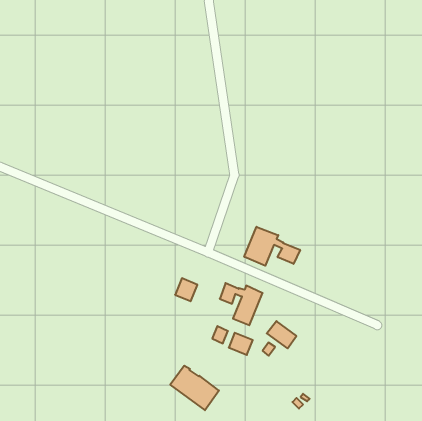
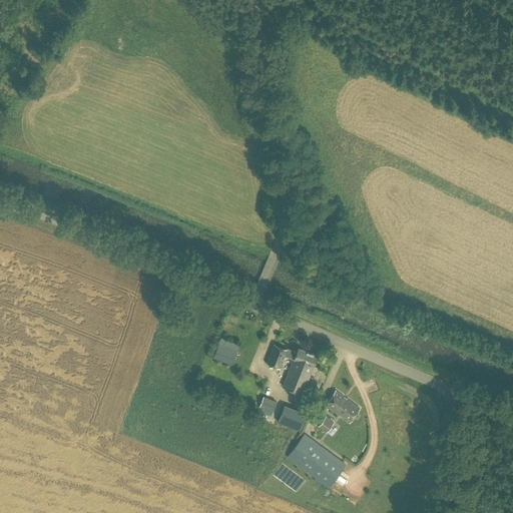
building: [244,227,300,266] -> none
building: [170,366,219,410] -> [287,435,346,489]

